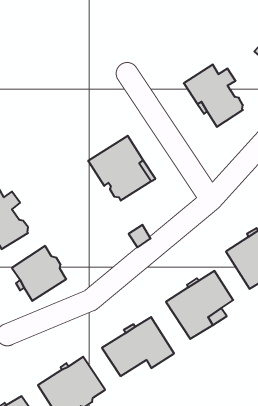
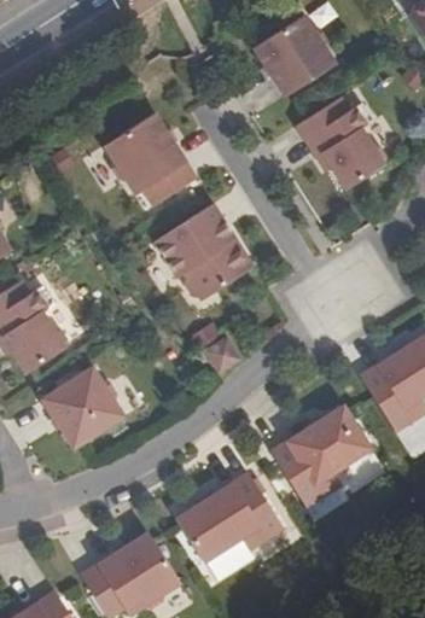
building: none -> [255,14,337,95]
building: none -> [105,113,198,205]

